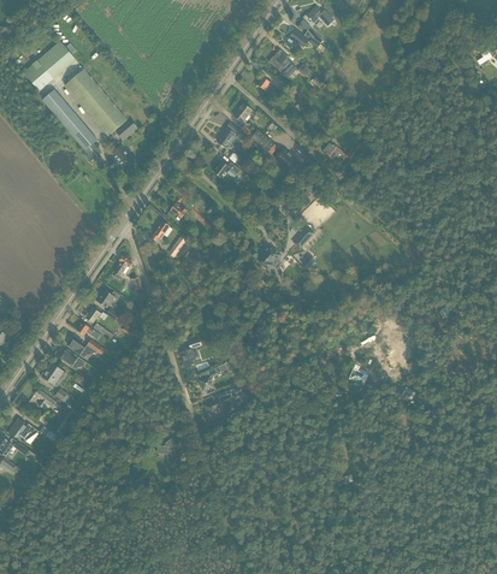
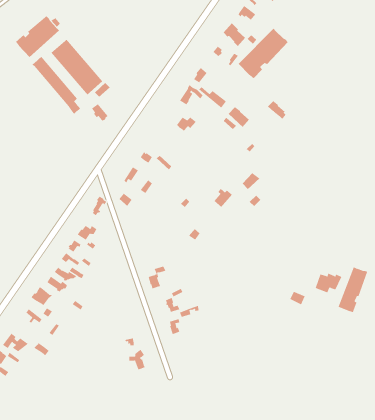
building: none -> [238,28,288,79]
building: none -> [338,267,368,313]

